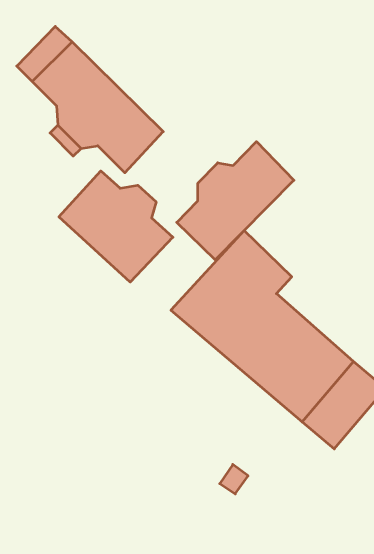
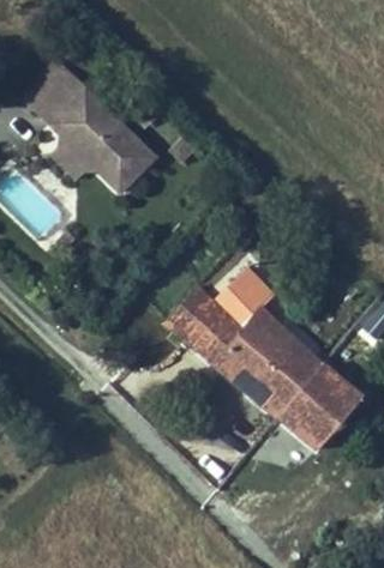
building: [177,142,294,260] -> none
building: [59,171,173,282] -> none

